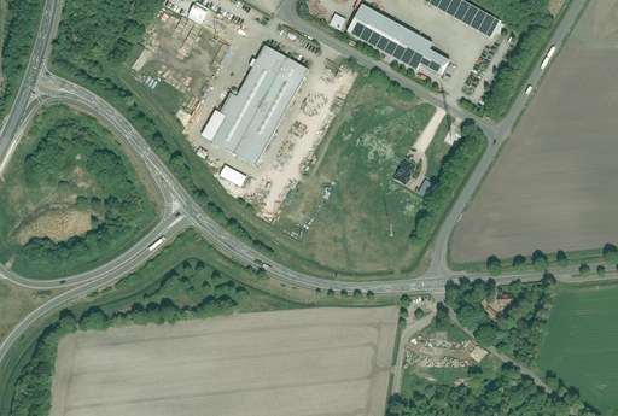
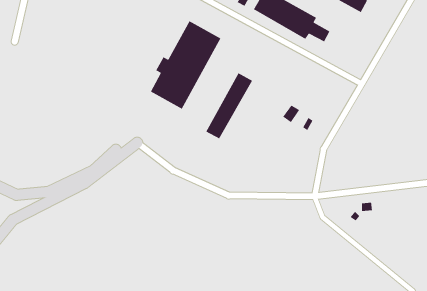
building: none -> [205,72,253,140]

